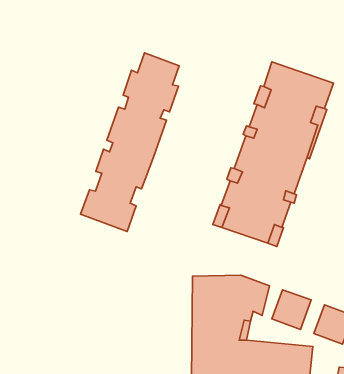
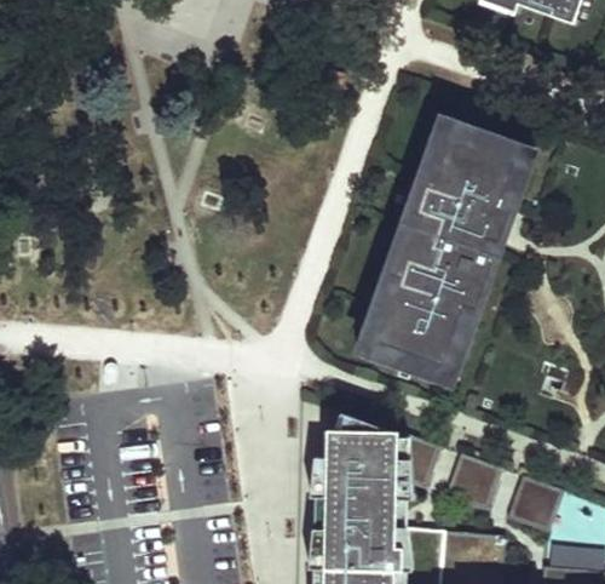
building: [80,53,179,231] -> none

